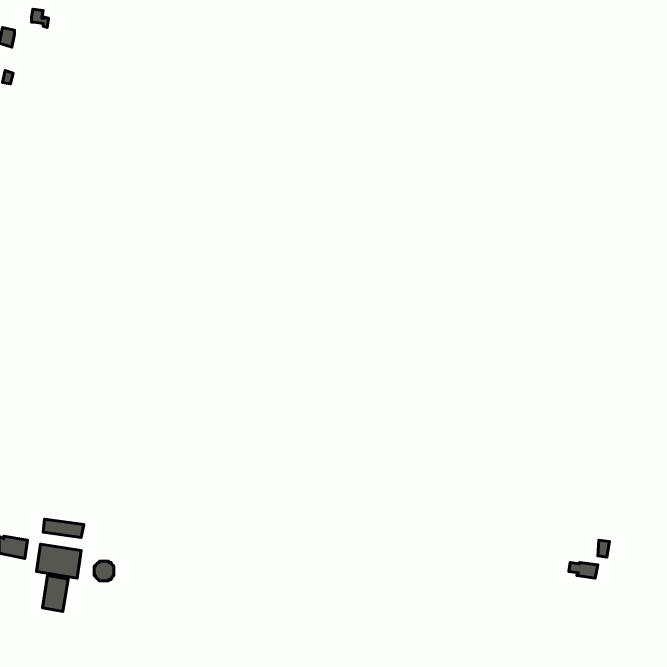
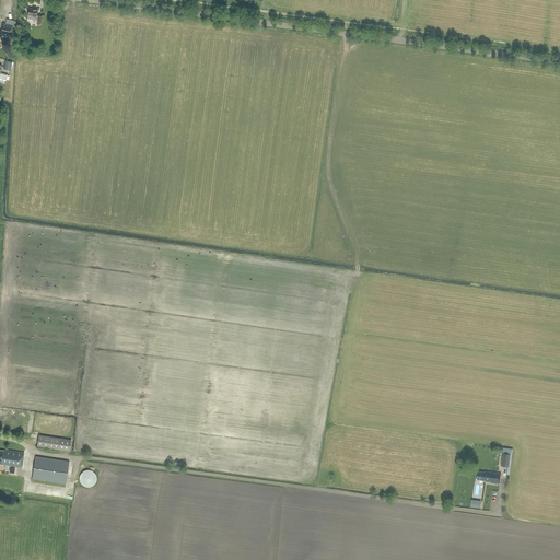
building: [42,575,68,612] -> none

